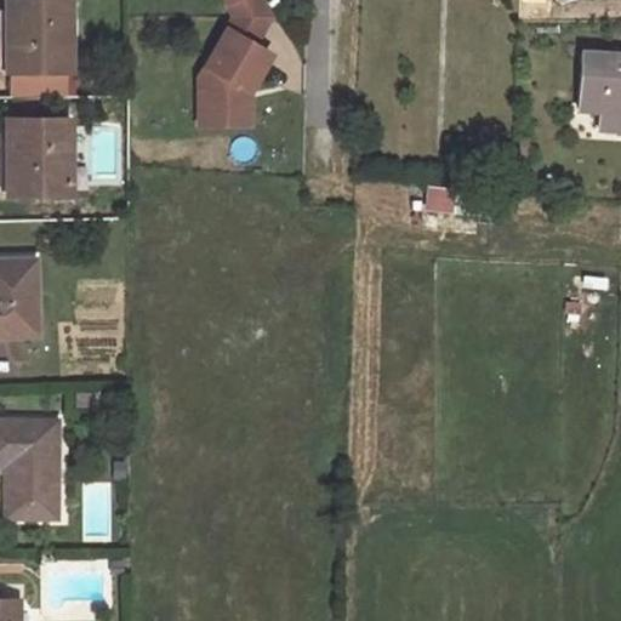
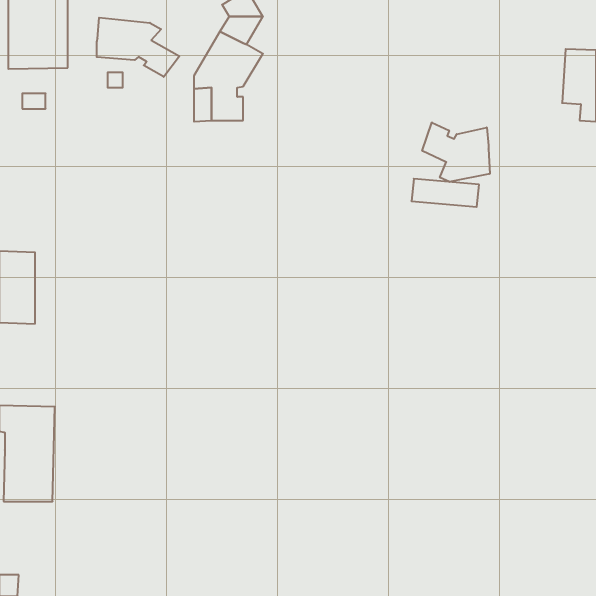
building: none -> [97,18,179,77]
building: [8,120,72,196] -> none
building: none -> [422,122,490,182]

